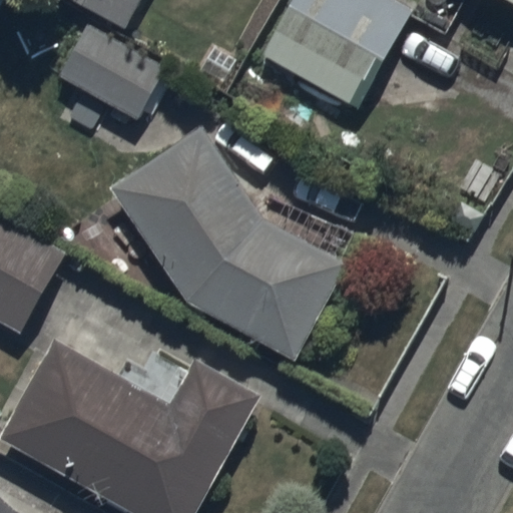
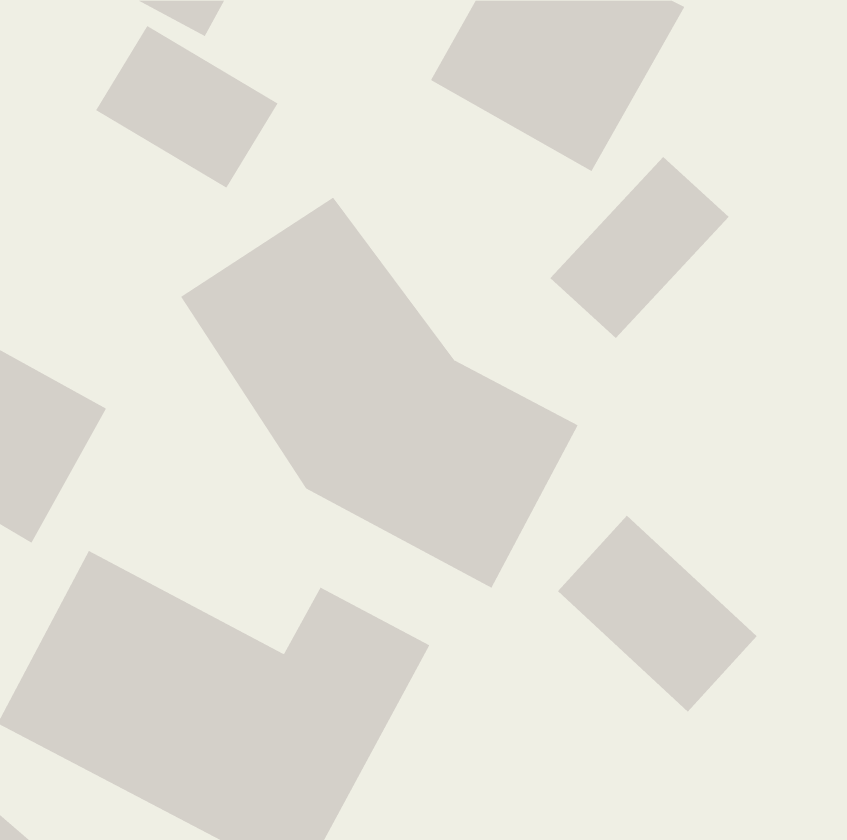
building: none -> [549,156,730,339]
building: none -> [557,515,757,713]

